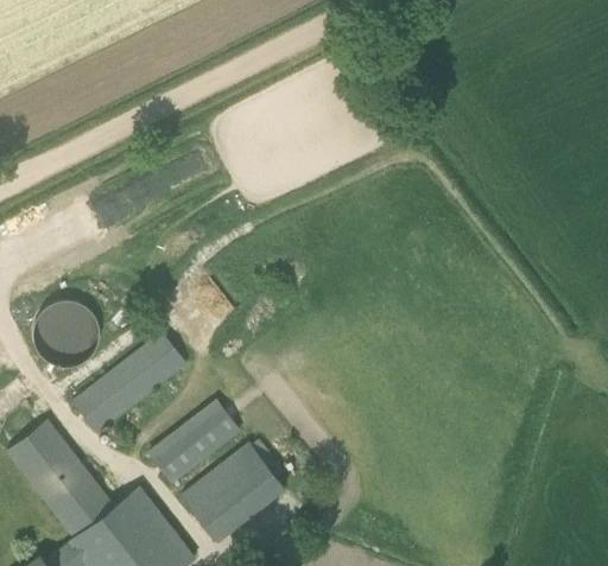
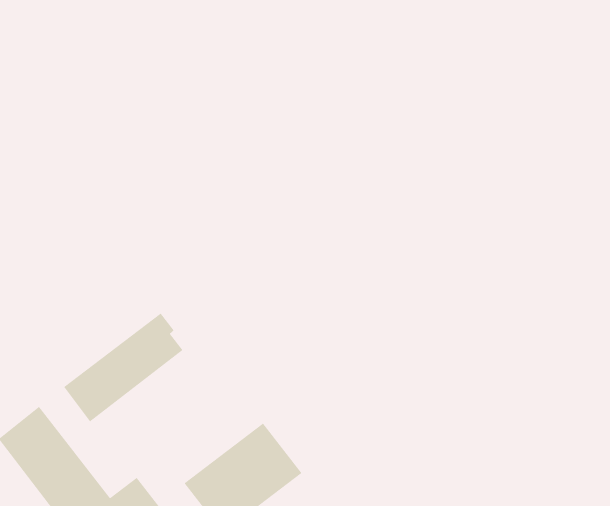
building: [33,301,100,368] -> none
building: [137,388,241,486] -> none

